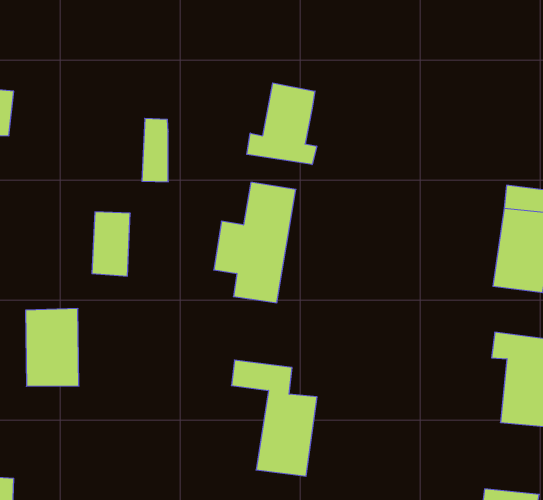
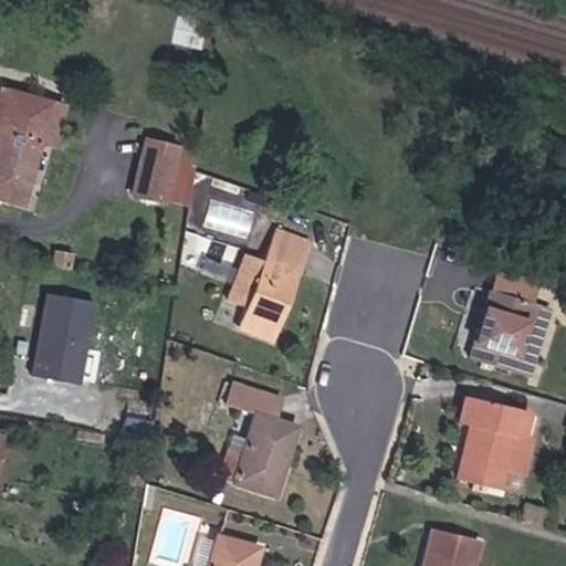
building: [247,83,317,165] -> none
building: none -> [202,195,249,230]
building: [92,212,130,276] -> [144,146,187,208]

